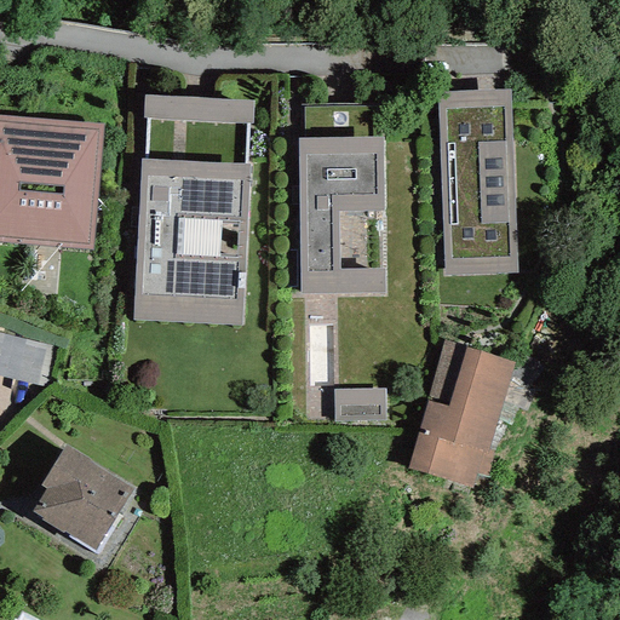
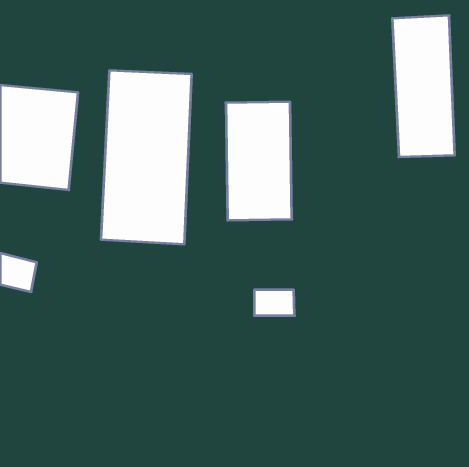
building: [436,88,518,275] -> [392,16,455,157]
building: [407,341,513,487] -> none
building: [31,447,132,553] -> none

